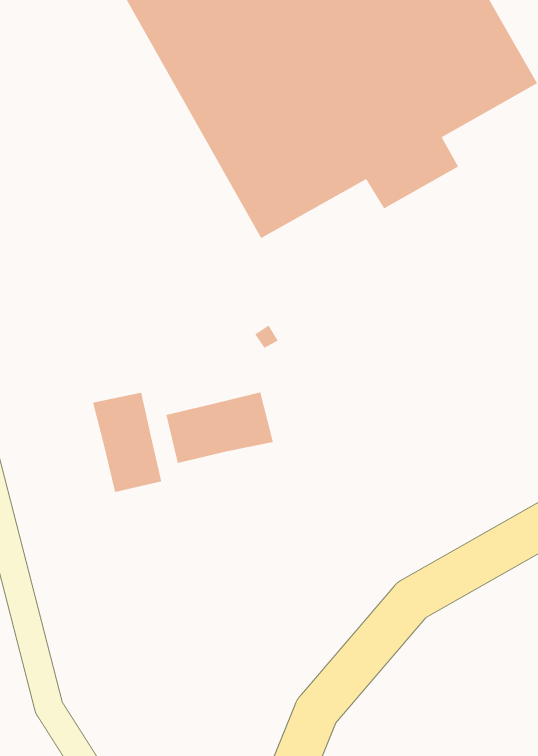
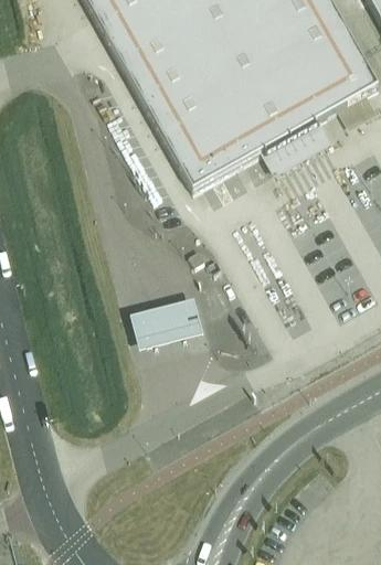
building: [92,392,162,493] -> none

